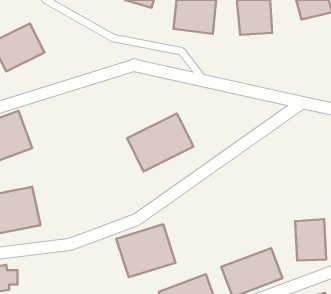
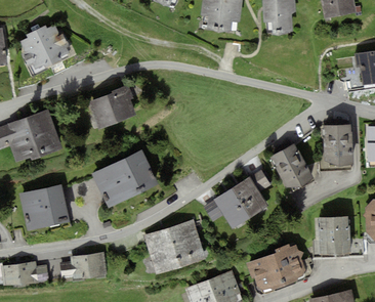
building: none -> [87,87,134,129]
building: [127,113,194,172] -> [92,148,158,206]
building: none -> [325,126,349,163]
building: none -> [268,143,314,193]
building: none -> [214,178,265,226]
building: none -> [57,253,108,282]

